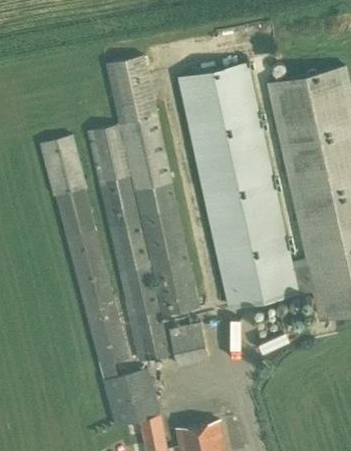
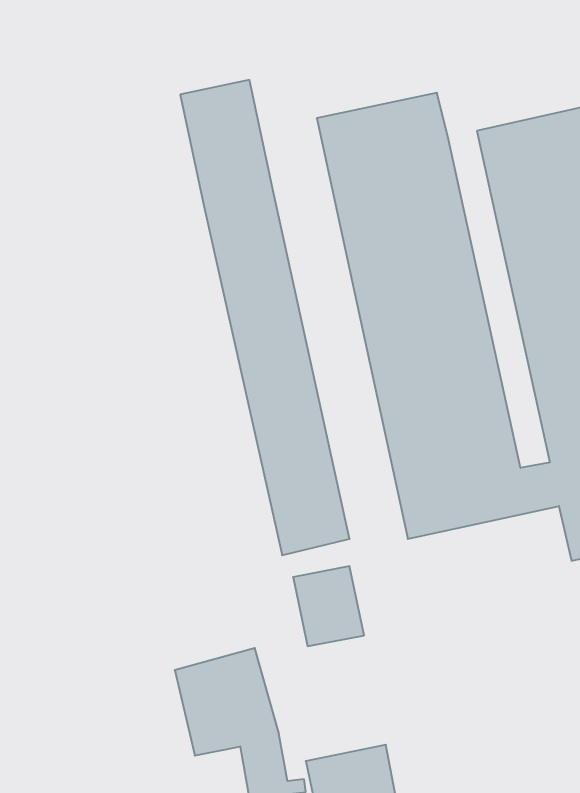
building: [84,96,168,364] -> none
building: [38,136,128,368] -> none

